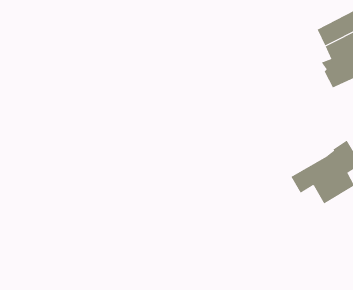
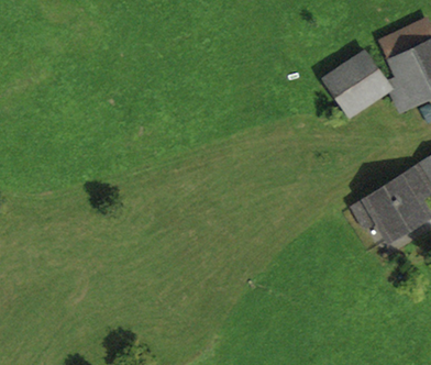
building: none -> [329,54,391,112]

